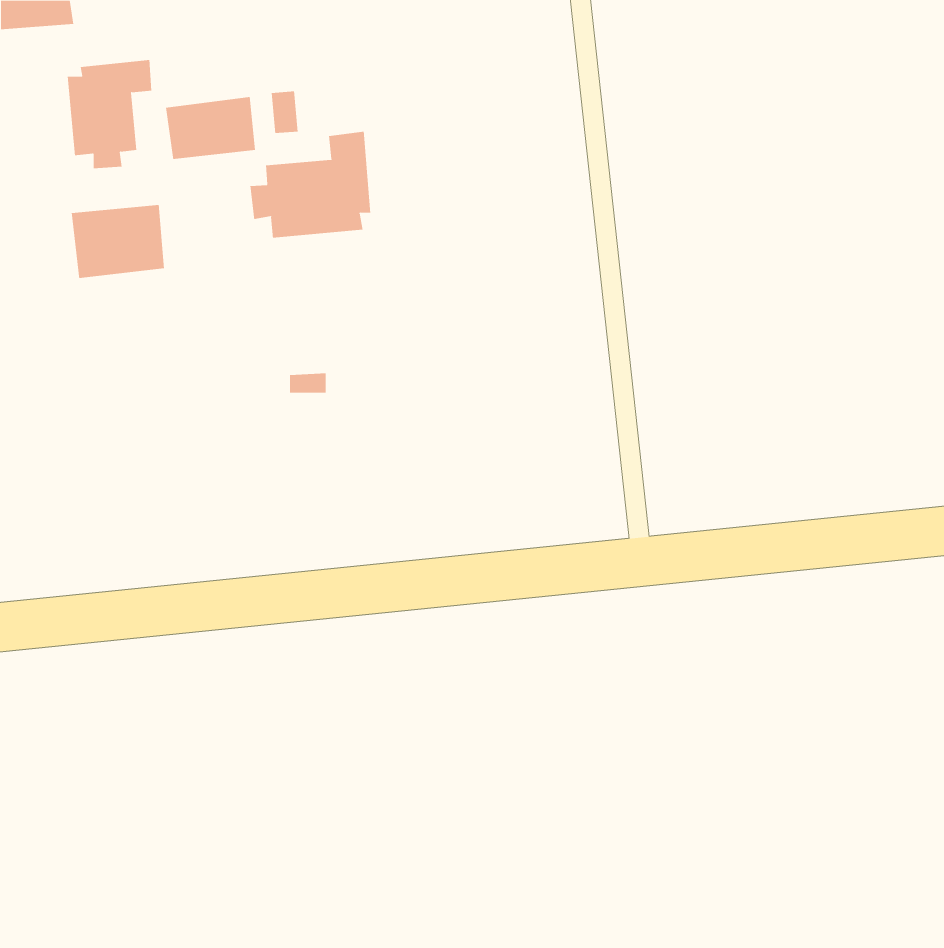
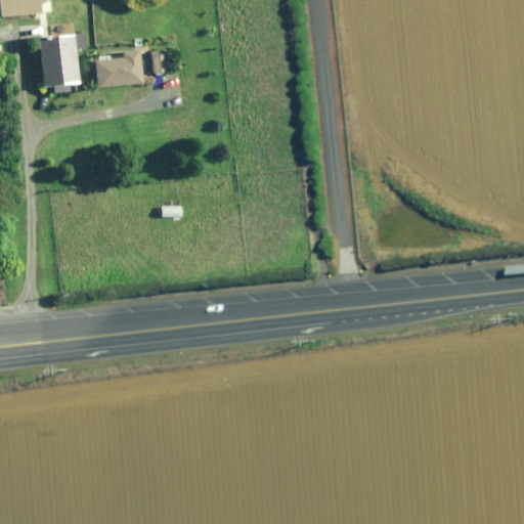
building: [250,131,371,239] -> none
building: [71,204,165,279] -> none

